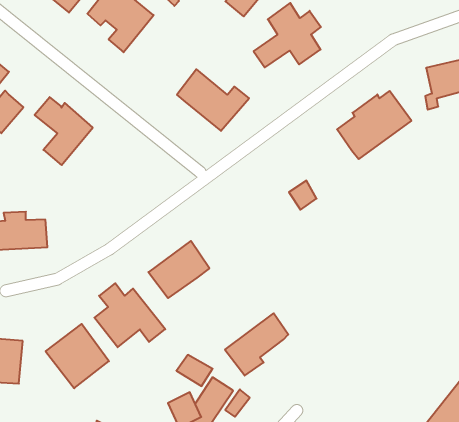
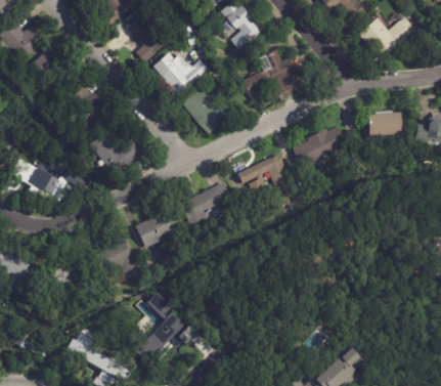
building: none -> [150,47,200,94]
building: none -> [234,151,288,183]
building: none -> [91,126,144,175]
building: [225,313,288,376] -> [183,183,231,225]

